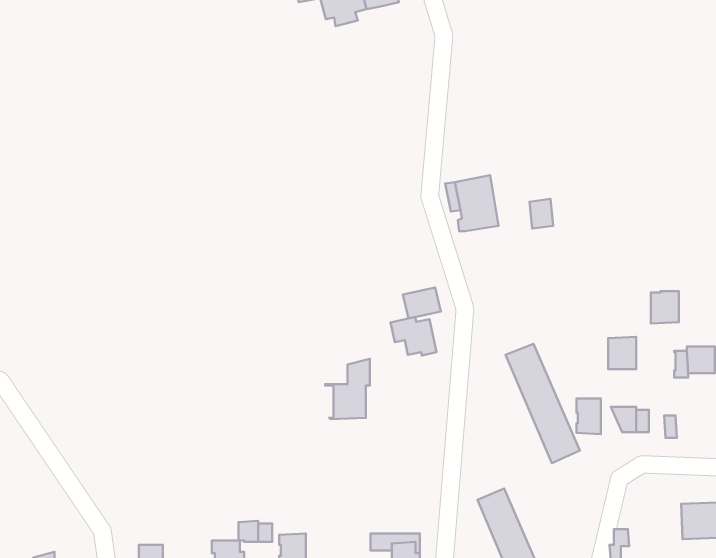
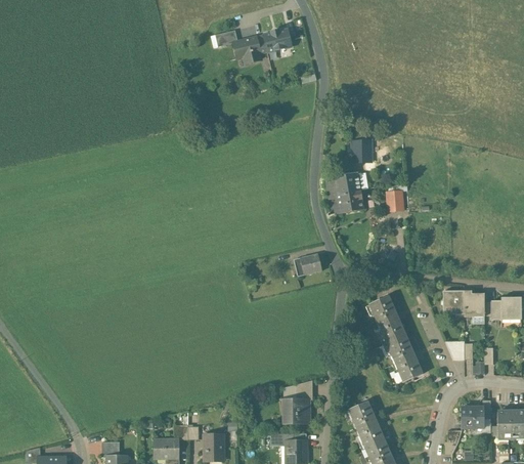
building: none -> [351,140,370,162]
building: [651,291,679,323] -> [464,293,484,317]
building: [390,317,437,355] -> none
building: [325,359,370,419] -> [279,380,312,424]
building: [576,398,601,434] -> none
building: none -> [461,399,490,428]

